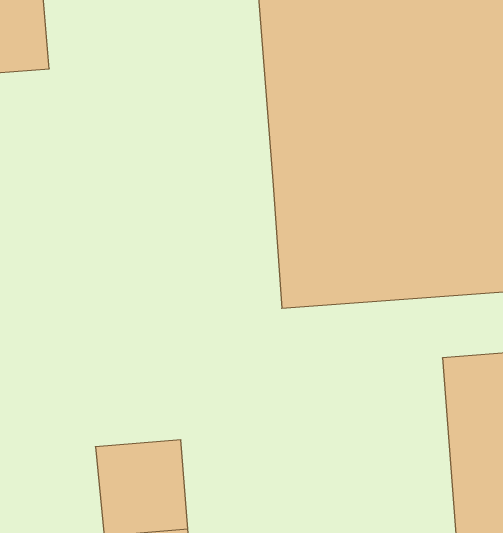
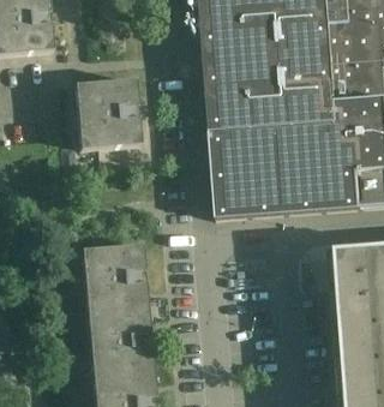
building: none -> [76,82,140,150]
building: none -> [83,247,148,316]

